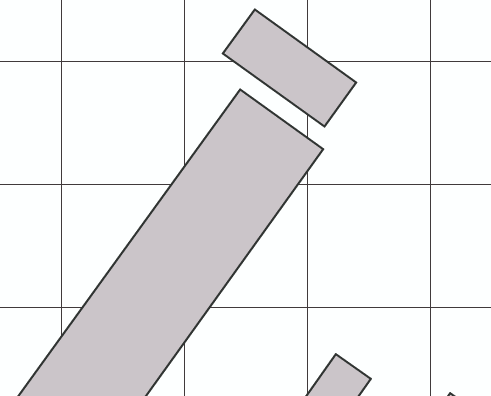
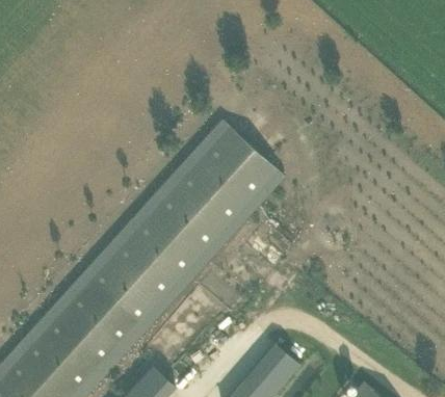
building: [223,9,356,126] -> none

